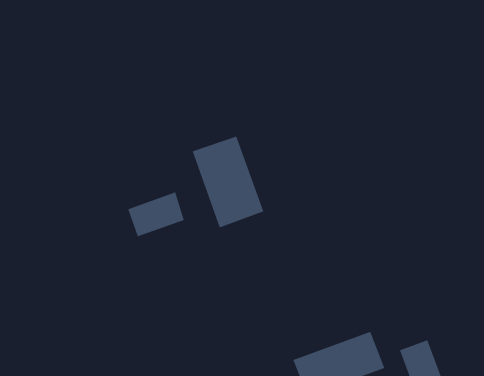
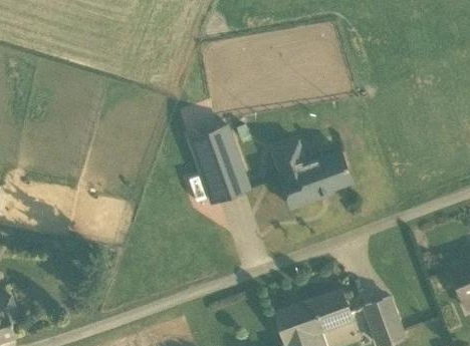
building: none -> [270,140,351,208]
building: [127,192,184,237] -> none

